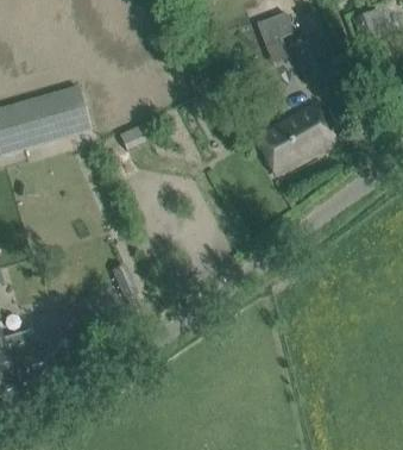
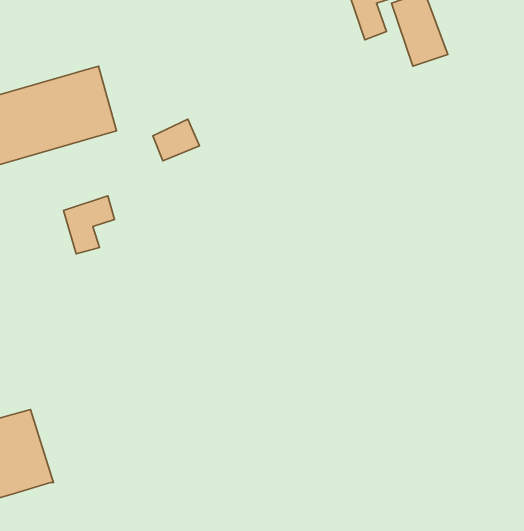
building: [256,101,339,174] -> none
building: none -> [64,196,114,254]

